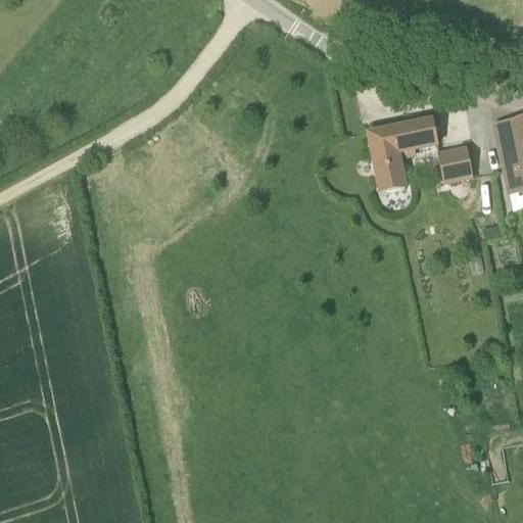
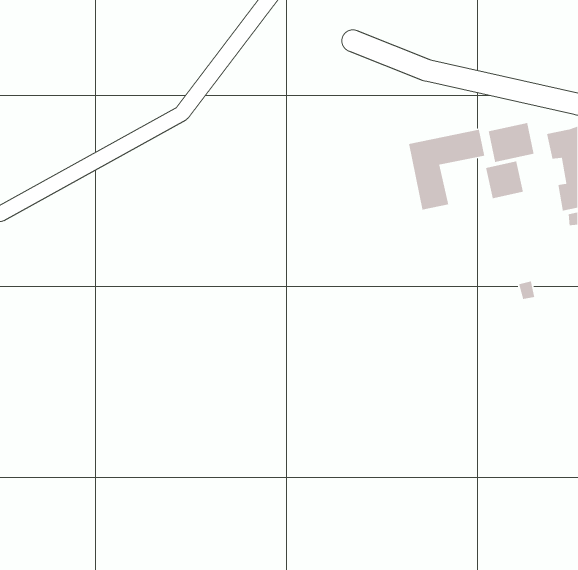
building: none -> [488,122,535,163]

